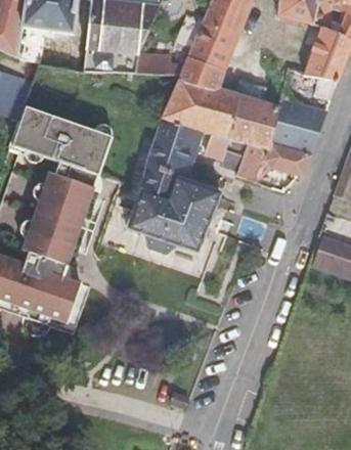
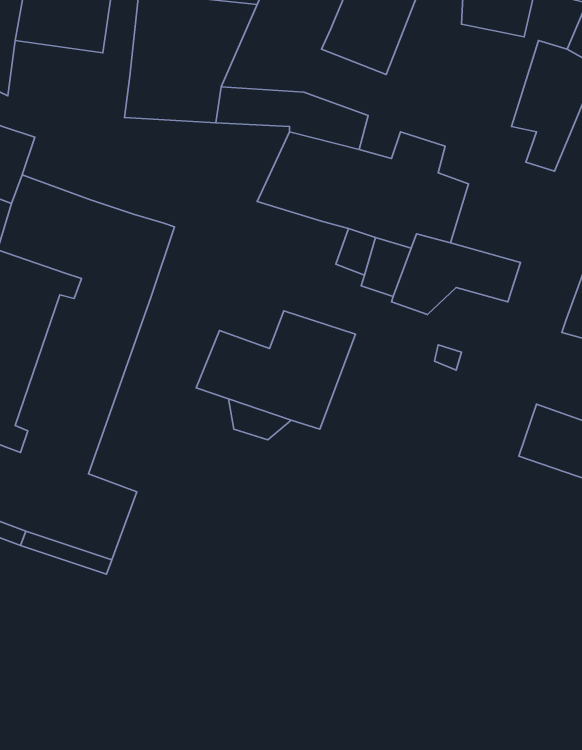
building: [173,13,233,70] -> none
building: [270,91,325,153] -> none
building: [138,119,196,202] -> none

